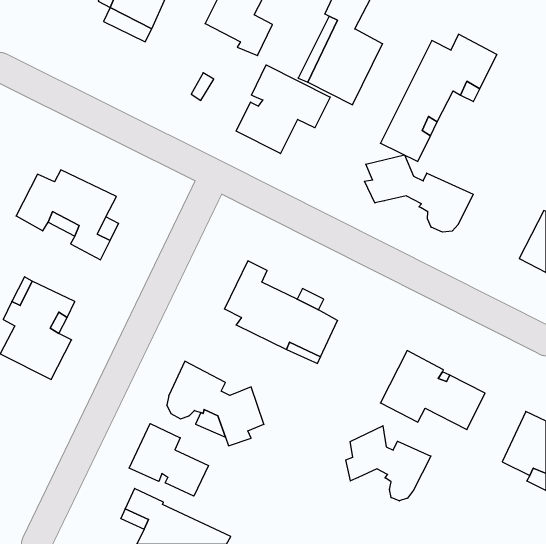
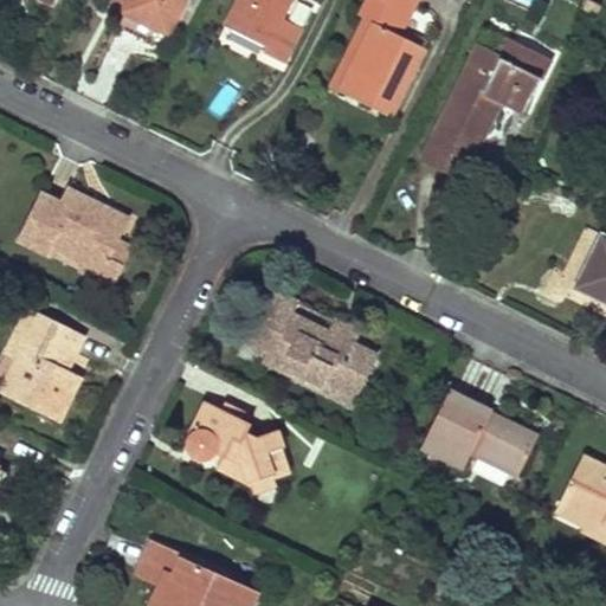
building: [236,65,330,154] -> none
building: [364,155,473,232] -> none
building: [129,424,208,496] -> none
building: [346,426,431,501] -> none

